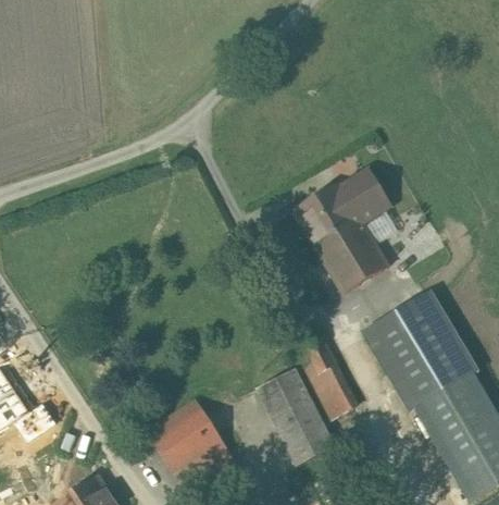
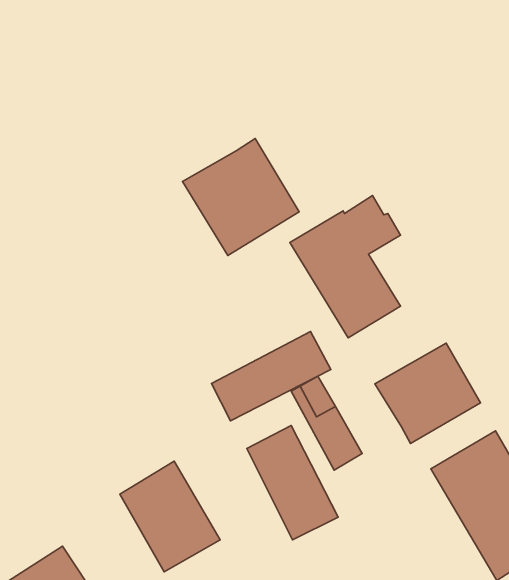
building: none -> [183,139,299,255]
building: none -> [211,331,331,421]
building: [387,349,472,409] -> none

